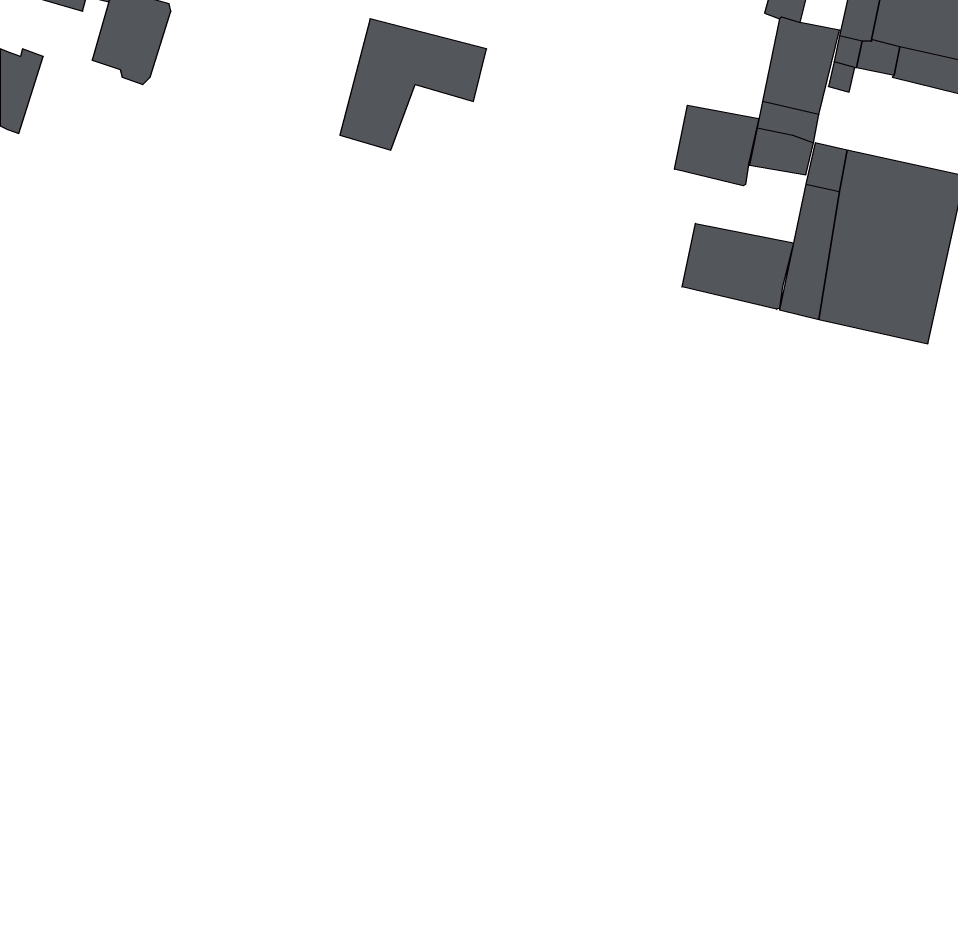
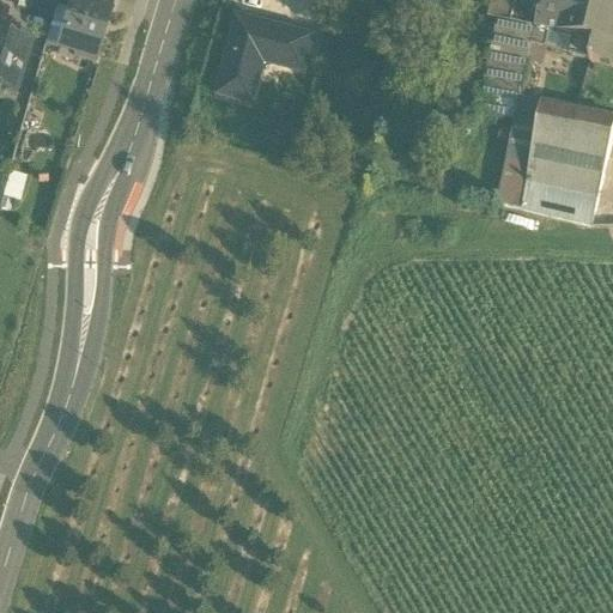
building: [675,105,759,186] -> none
building: [682,223,794,309] -> none

